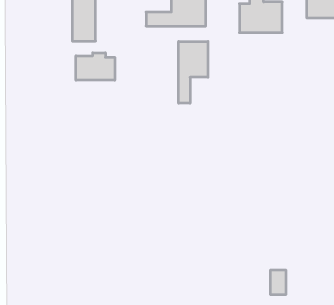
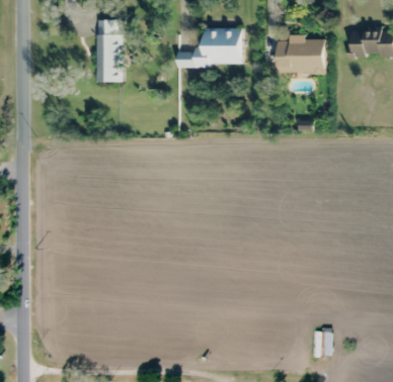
building: [179,41,208,103] -> none
building: [76,53,115,80] -> none

